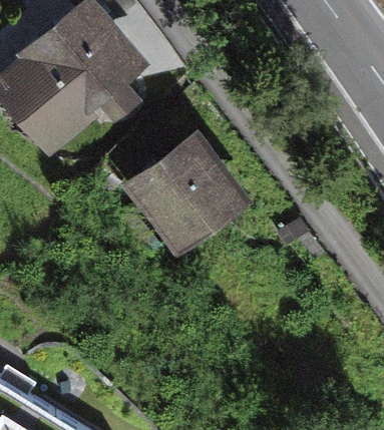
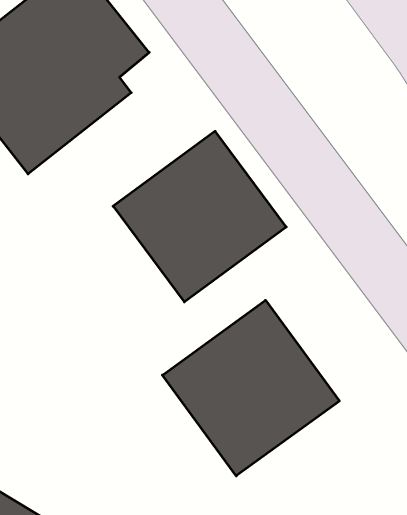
building: none -> [162,300,339,476]

